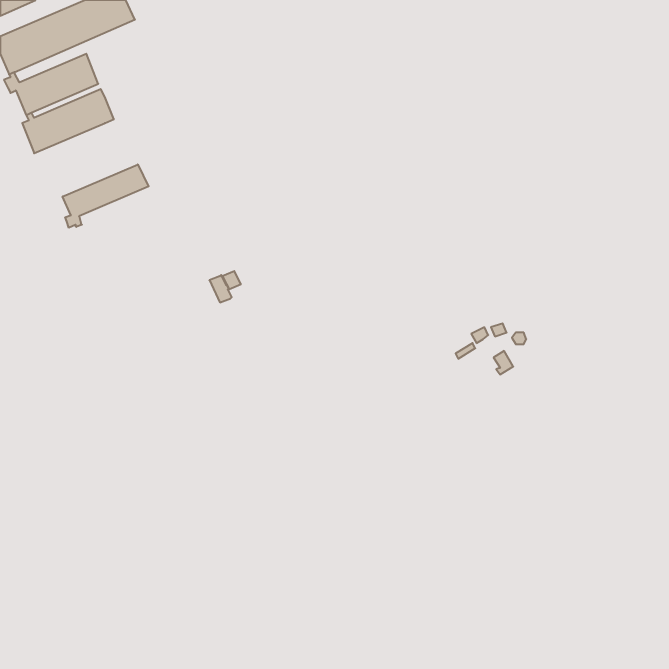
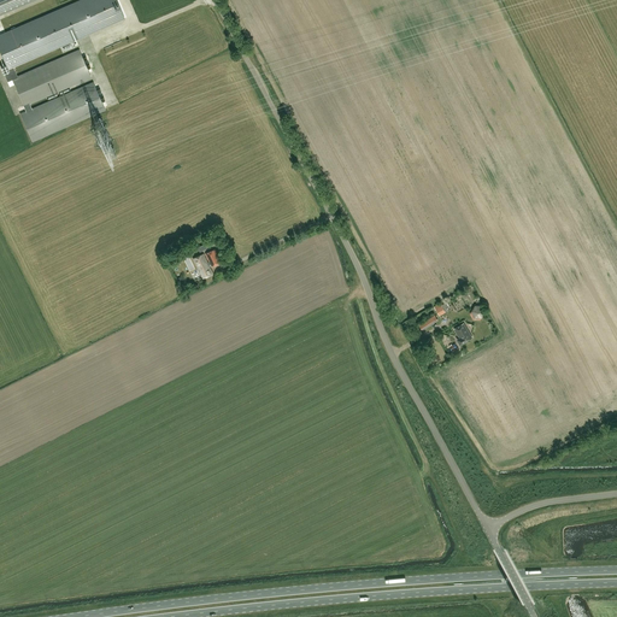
building: [63,164,149,228] -> none

